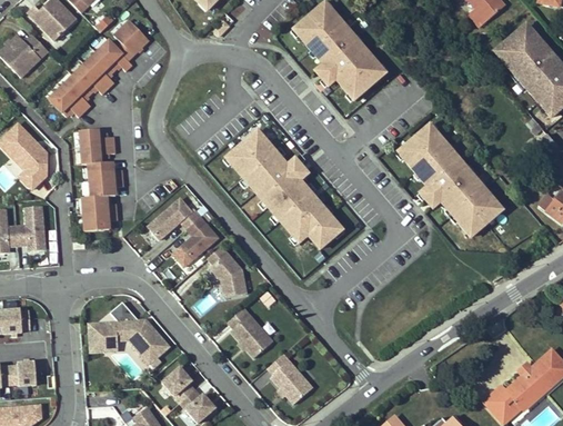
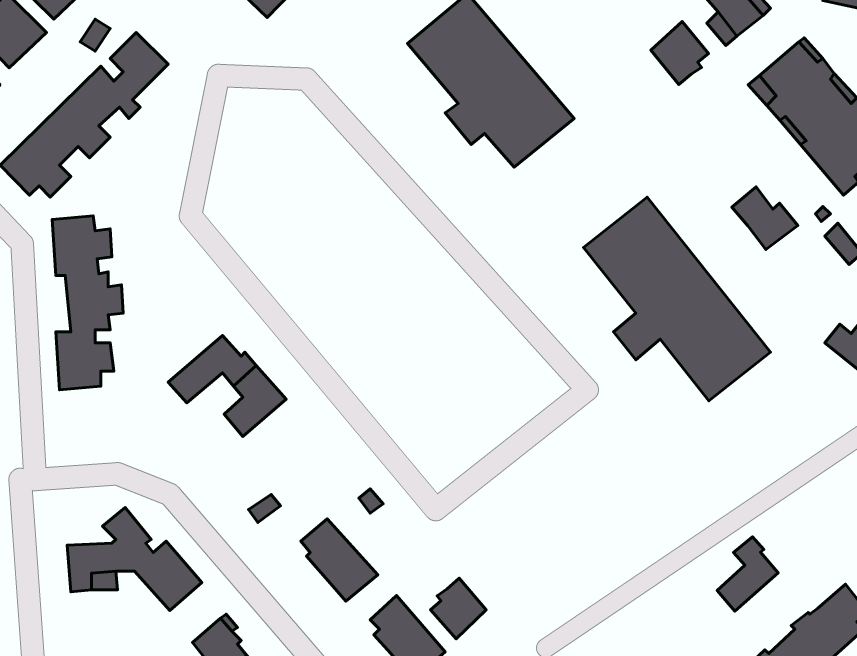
building: none -> [651,22,708,85]
building: none -> [732,187,798,250]
building: [223,125,346,264] -> none
building: [207,247,245,298] -> none
building: none -> [717,537,778,611]
building: none -> [431,578,486,639]

